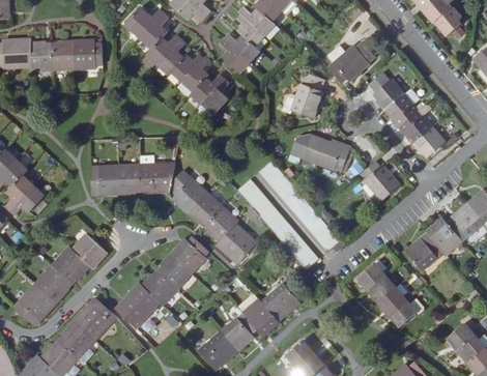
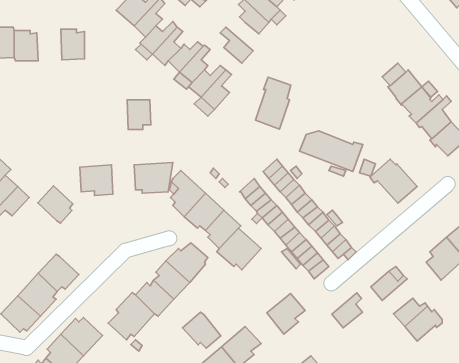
building: [224,34,258,61] -> none
building: [51,41,74,70] -> none
building: [328,41,375,84] -> none
building: [290,71,322,119] -> [256,77,291,129]
building: [119,166,141,193] -> [127,100,151,129]
building: [71,234,104,268] -> [38,186,73,223]
building: [367,270,395,302] -> [332,293,362,328]
building: [241,299,277,332] -> [182,312,221,348]

